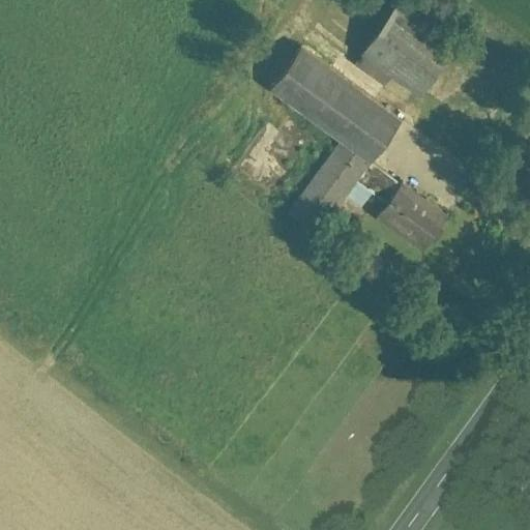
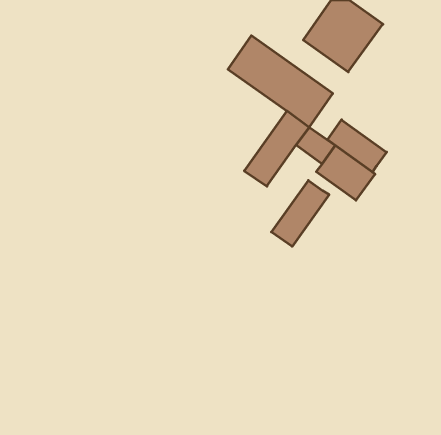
building: none -> [328,120,387,172]
building: none -> [271,180,329,246]

